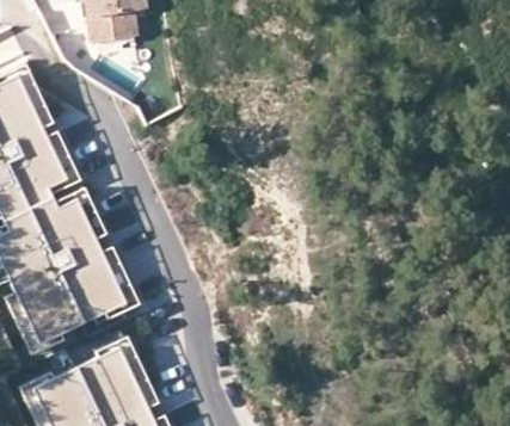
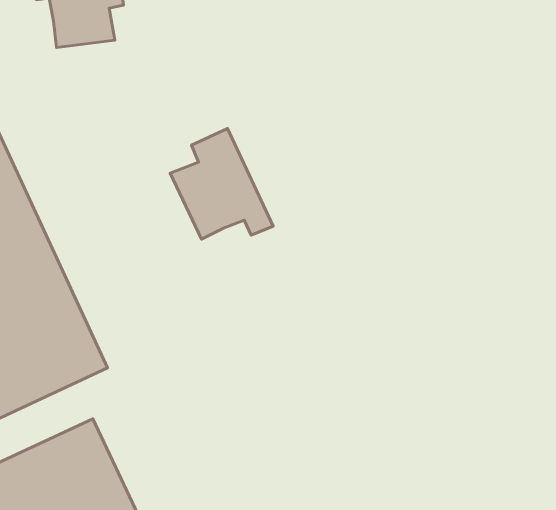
building: none -> [170,128,273,239]

